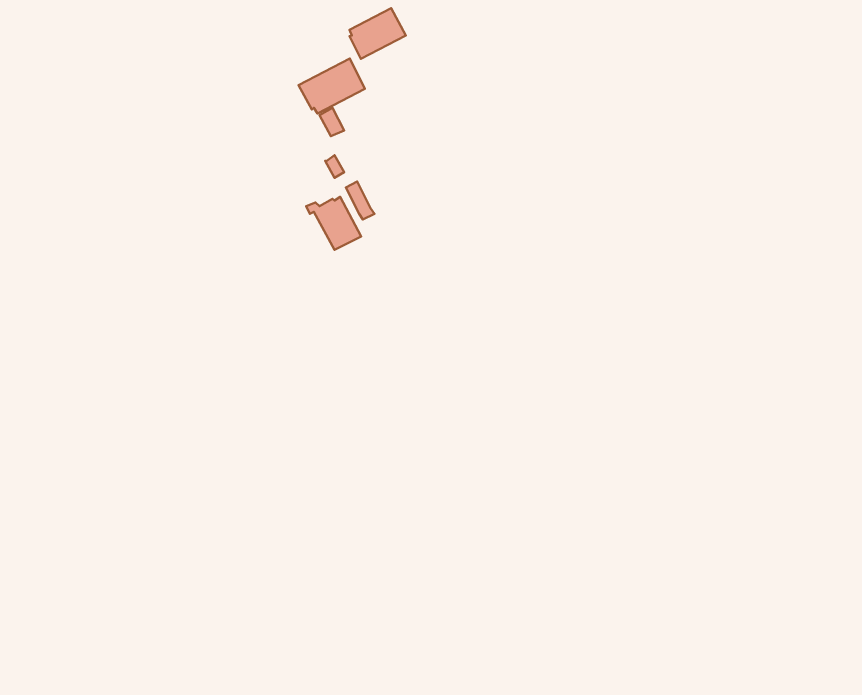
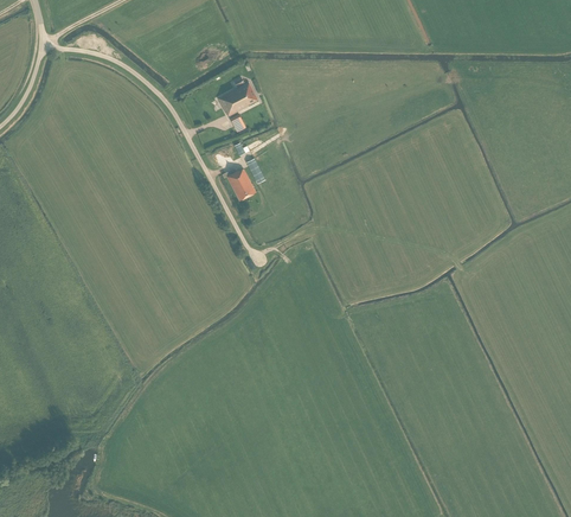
building: [349,8,406,59] -> none

